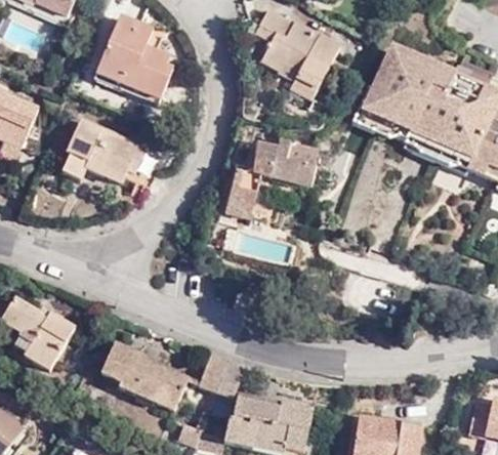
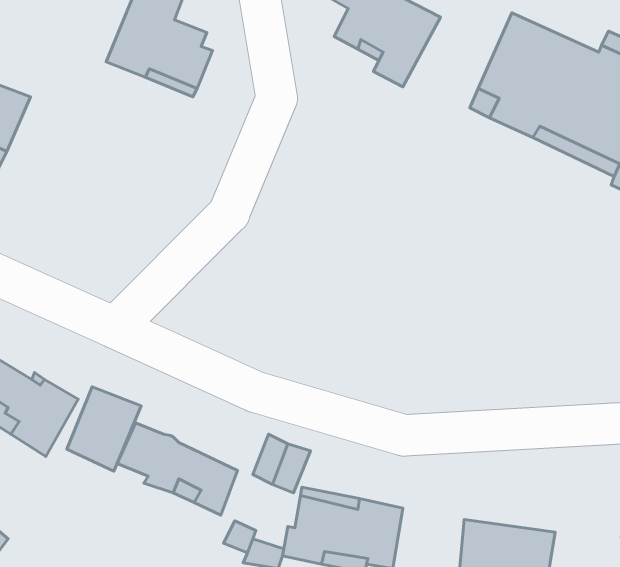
building: [63,119,156,185] -> none
building: [225,138,316,218] -> none
building: none -> [67,387,141,471]

